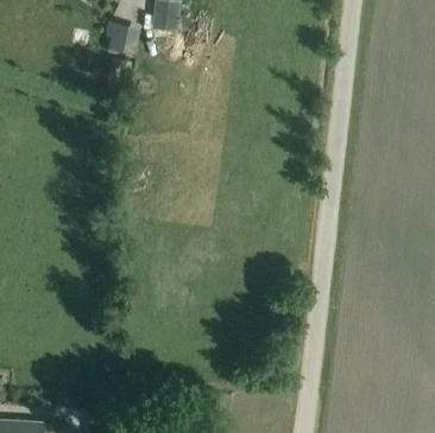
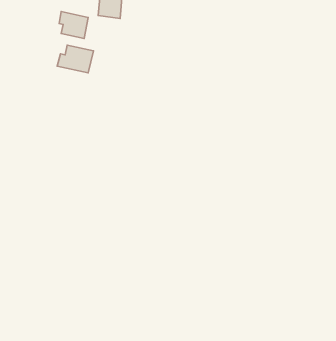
building: none -> [57,45,94,73]

